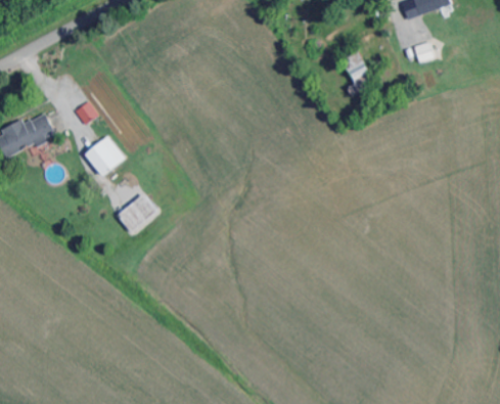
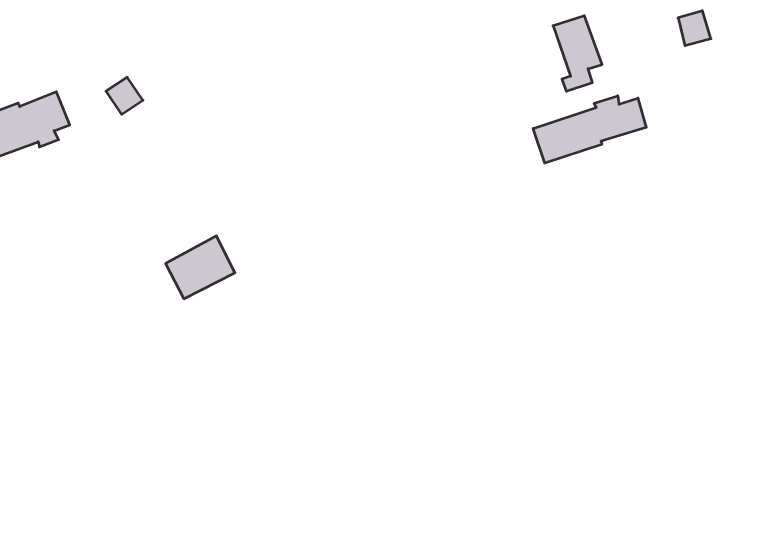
building: none -> [533,96,646,163]
building: [84,136,125,177] -> none

